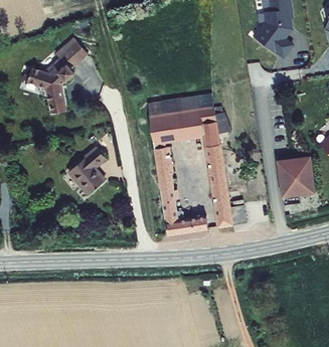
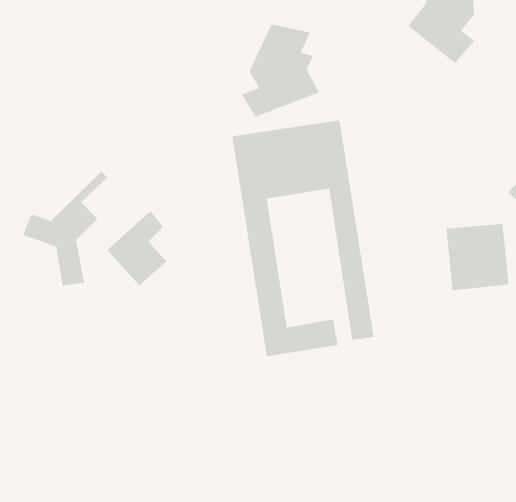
building: none -> [241,24,320,117]
building: [28,42,80,113] -> [22,171,108,286]

